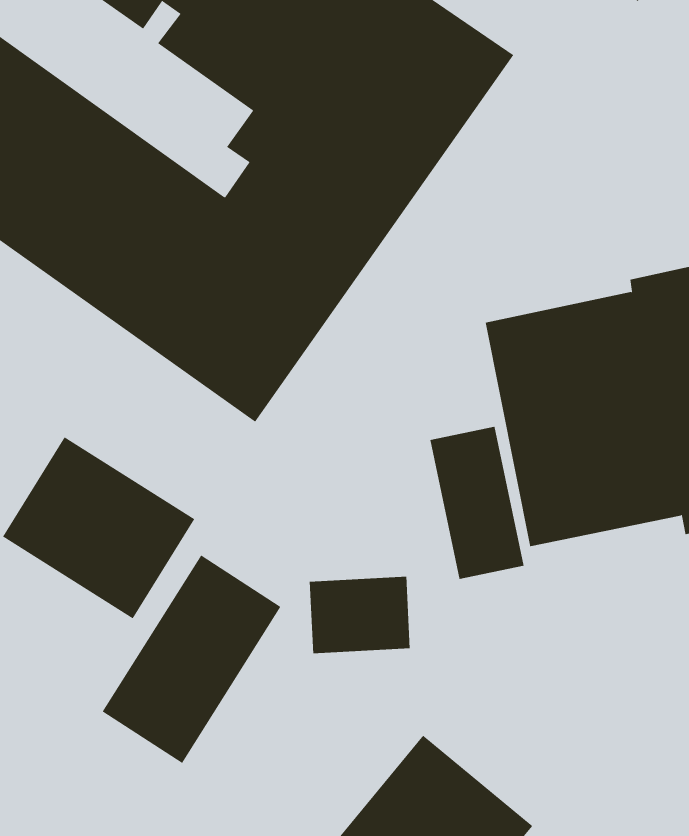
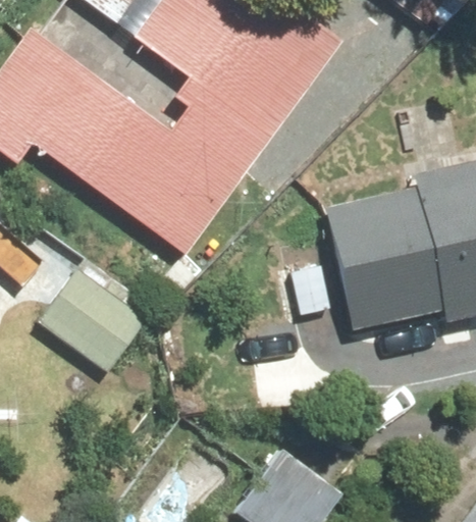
building: [102,555,281,764] -> none

